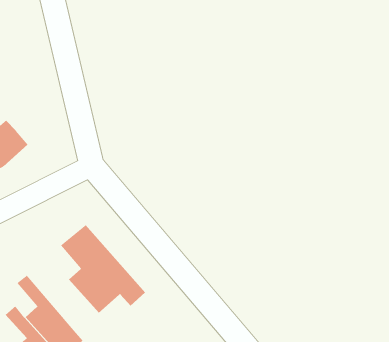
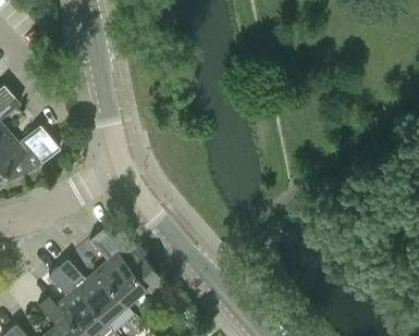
building: none -> [58,260,124,322]

